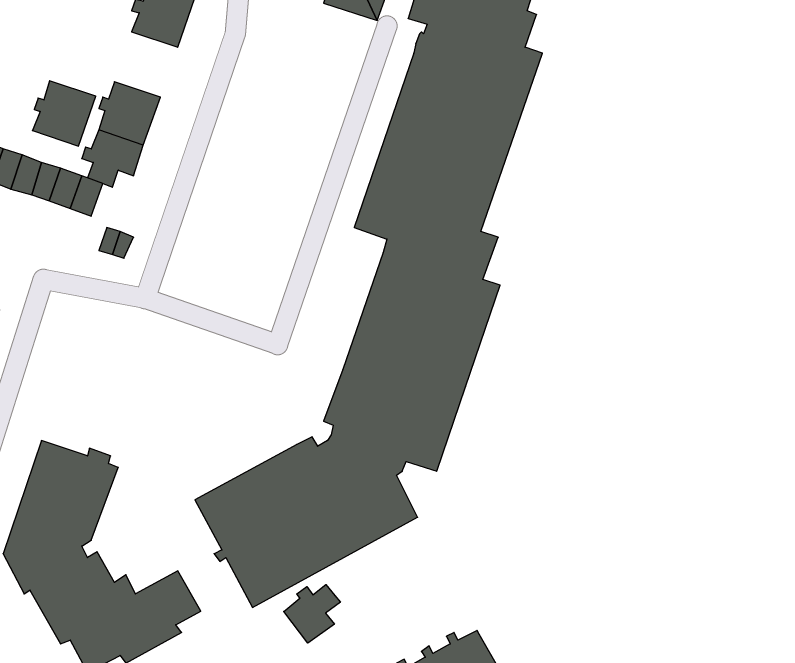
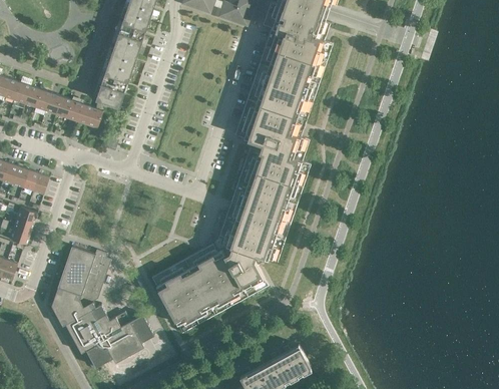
building: [32,81,96,146] -> [109,33,142,67]
building: [284,585,340,643] -> none

